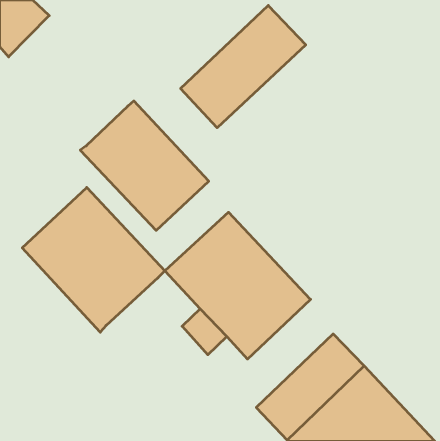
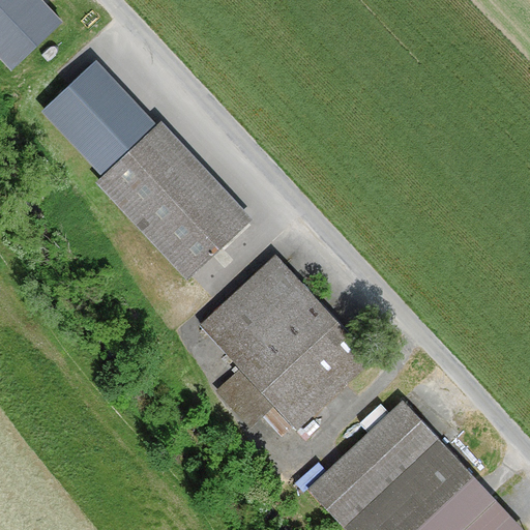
building: [181,5,306,128] -> none
building: none -> [42,63,153,175]
building: [22,187,165,332] -> none

